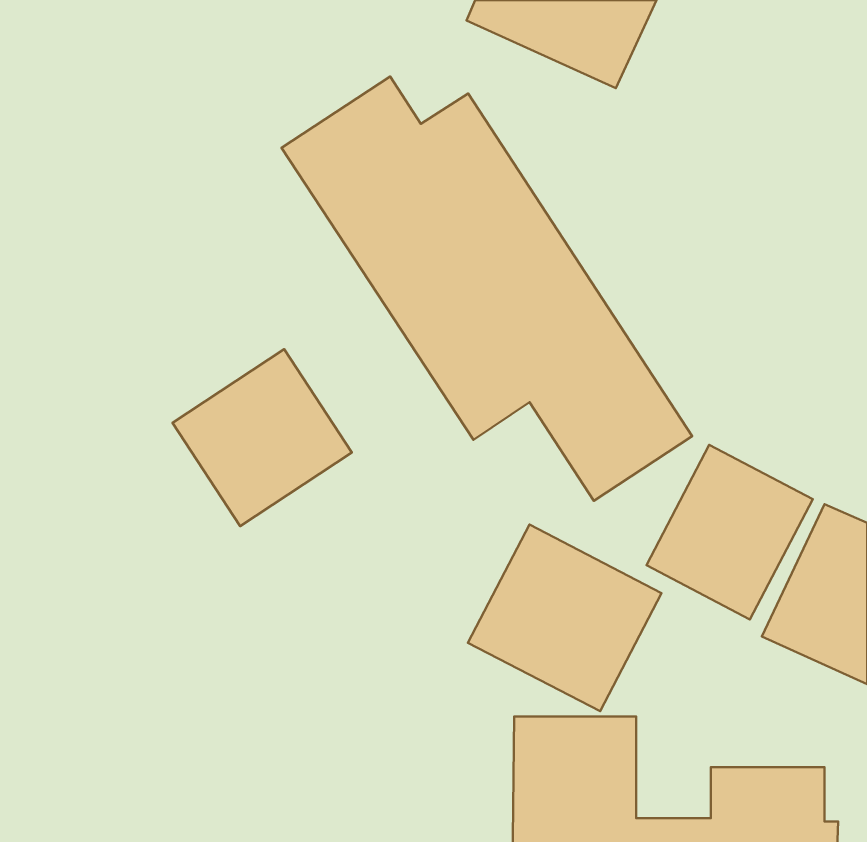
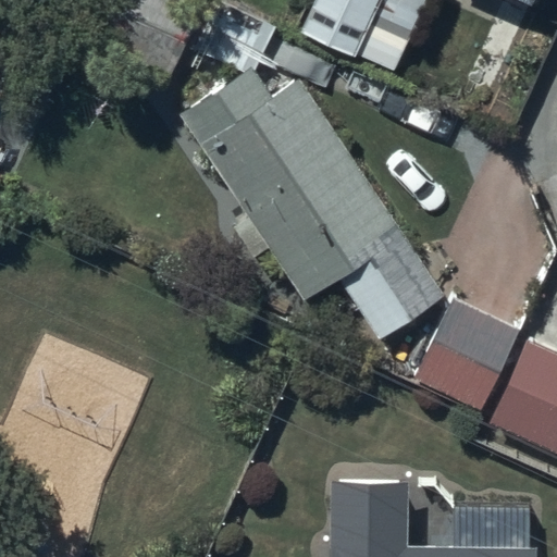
building: [172,349,352,526] -> none
building: [468,525,662,711] -> none

